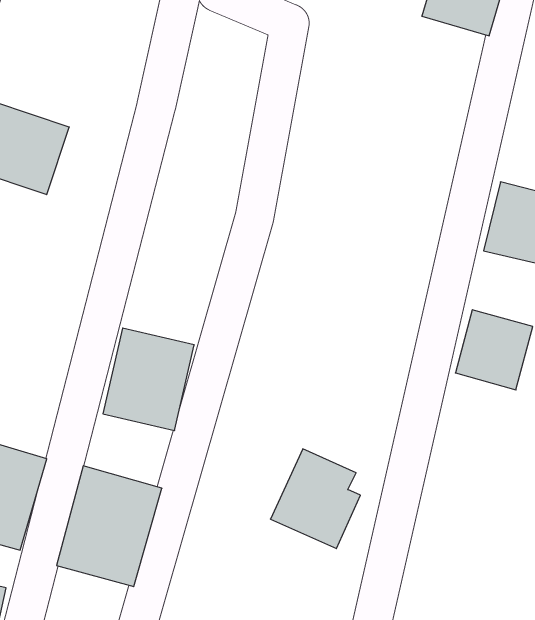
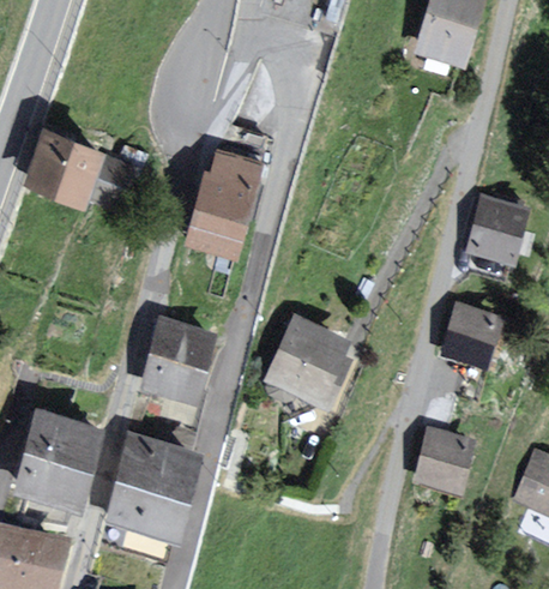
building: none -> [185,150,269,259]
building: [270,449,360,549] -> [264,320,340,405]
building: none -> [417,429,482,495]

